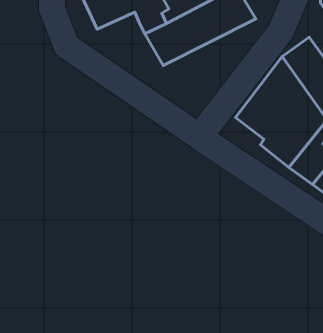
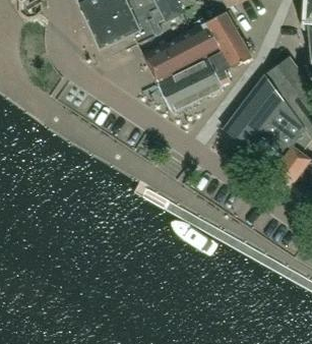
building: none -> [159,40,252,111]

